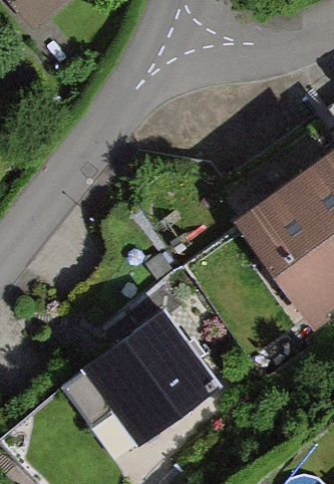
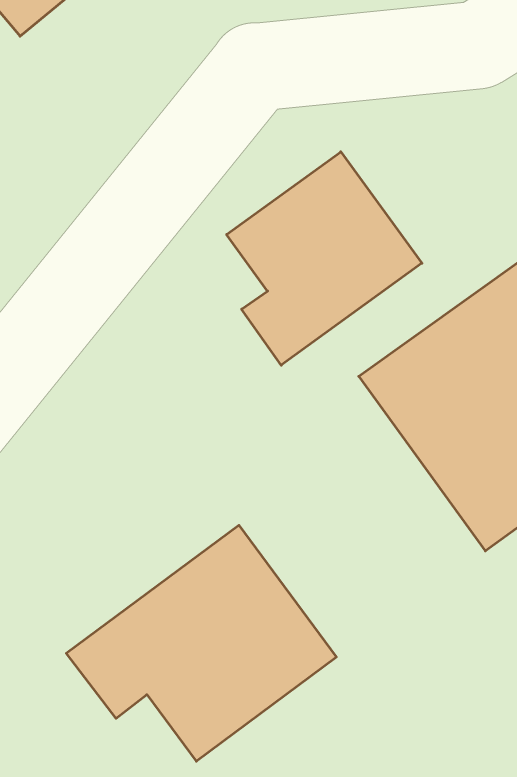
building: none -> [227,152,422,365]

